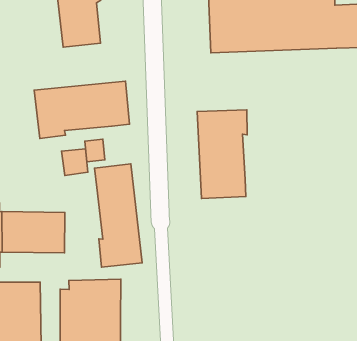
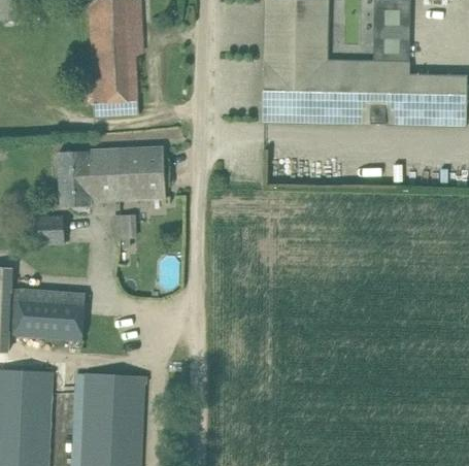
building: [197,110,247,199] -> none
building: [61,149,88,175] -> [36,215,65,244]
building: [95,164,142,267] -> none

